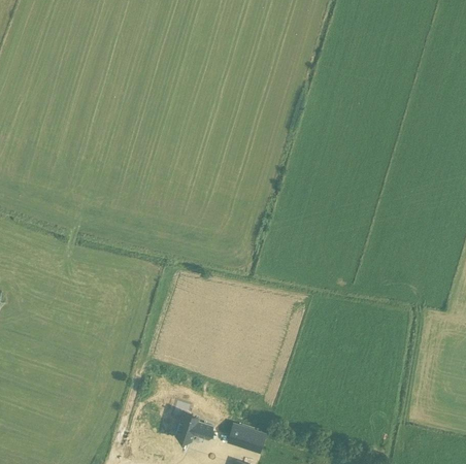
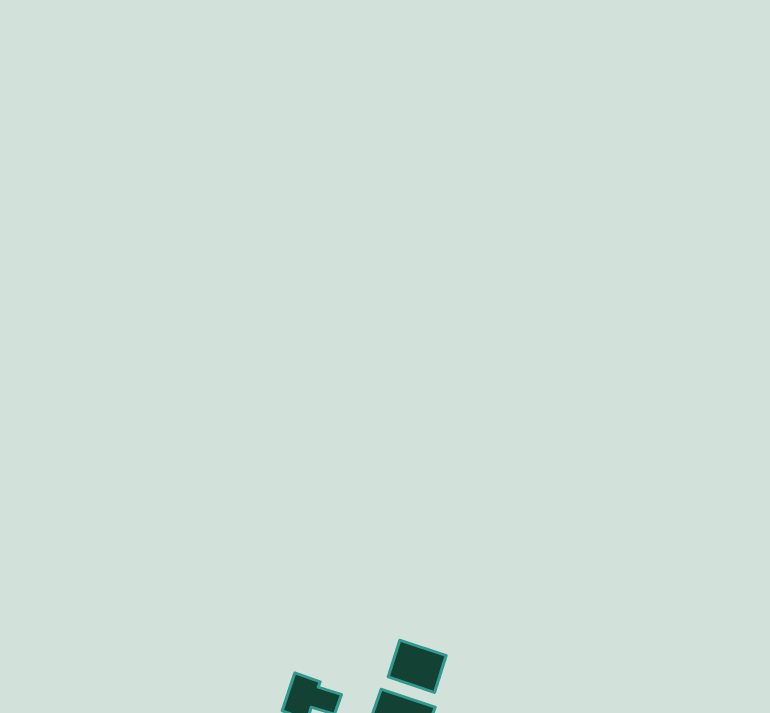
building: none -> [388,640,446,692]

